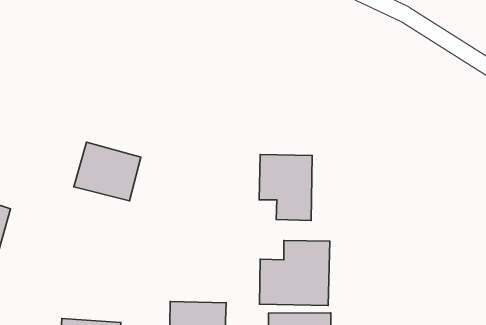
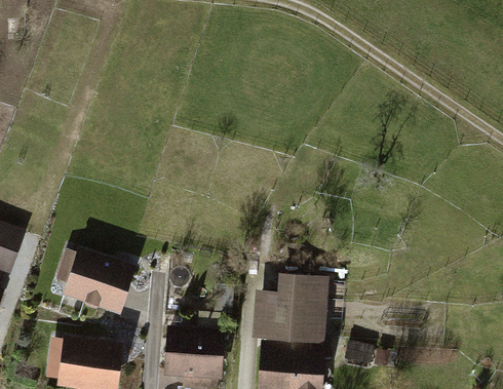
building: [74,142,141,201] -> [66,254,131,312]
building: [259,154,312,221] -> none

